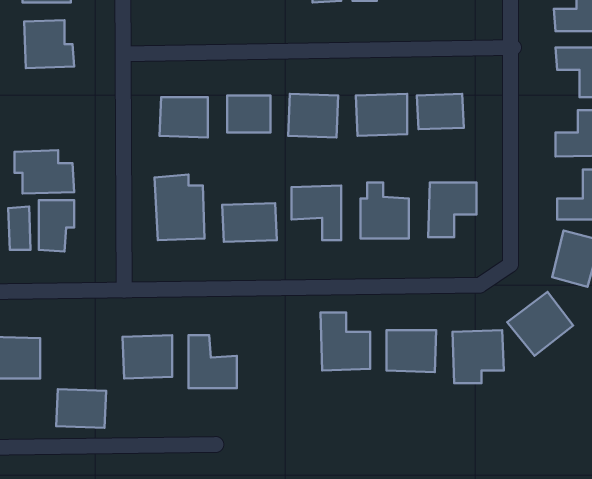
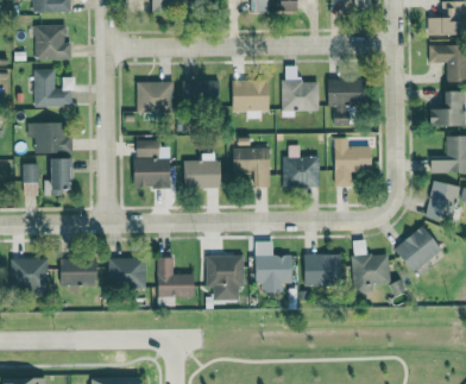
building: none -> [34,70,74,107]
building: none -> [206,256,244,301]
building: [56,389,106,428] -> [58,258,95,287]

